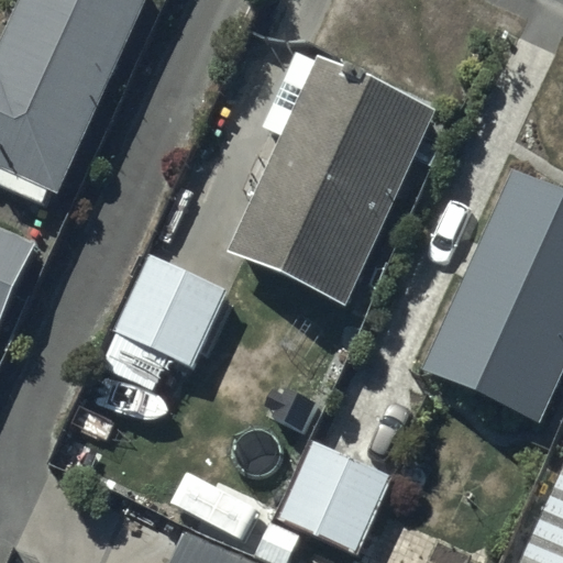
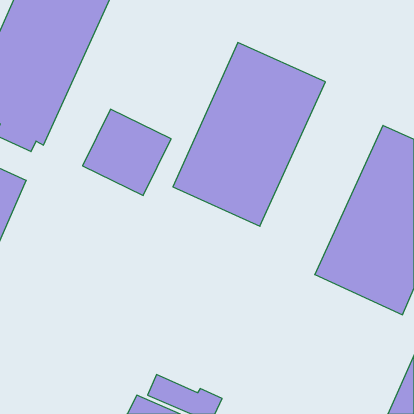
building: [112,252,231,367] -> [83,109,171,195]
building: [280,439,390,550] -> none

